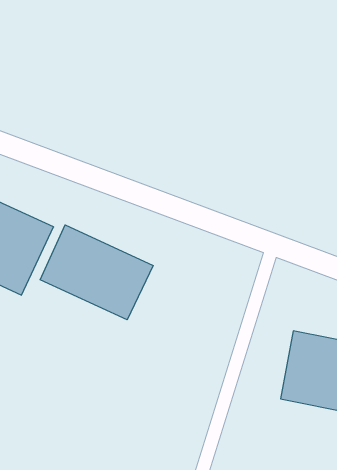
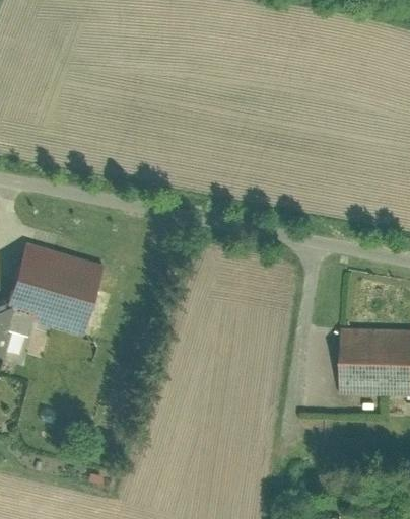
building: [40,225,153,320] -> none

